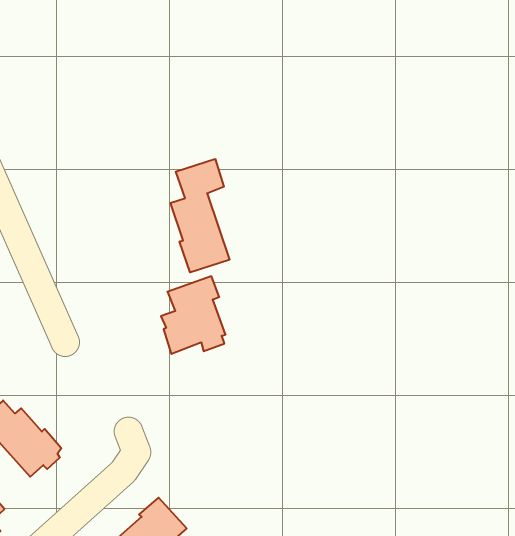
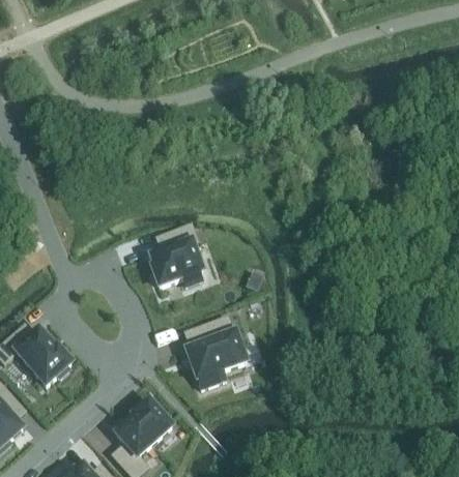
building: [171,159,230,272] -> none
building: none -> [184,316,246,389]

